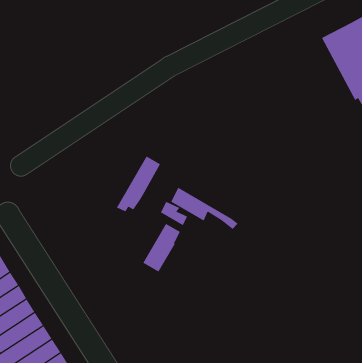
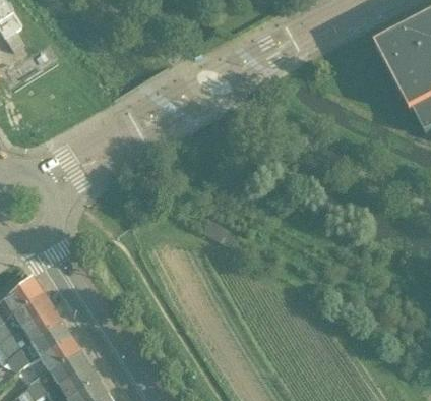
building: [116,156,161,212] -> none
building: [170,187,239,230] -> none
building: [143,223,181,272] -> none

